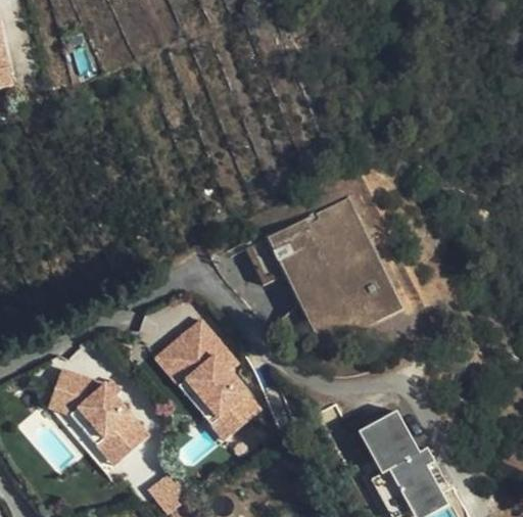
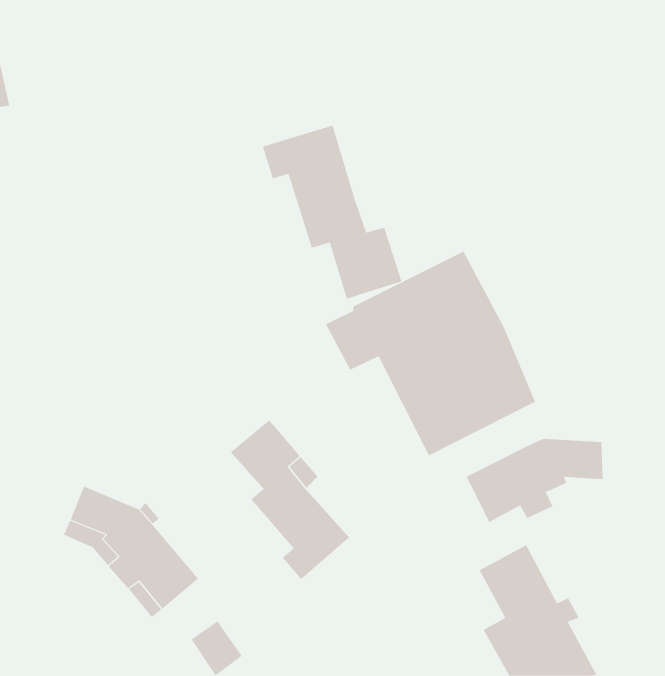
building: none -> [262,125,402,300]
building: none -> [466,438,603,523]
building: [157,343,221,423] -> none

